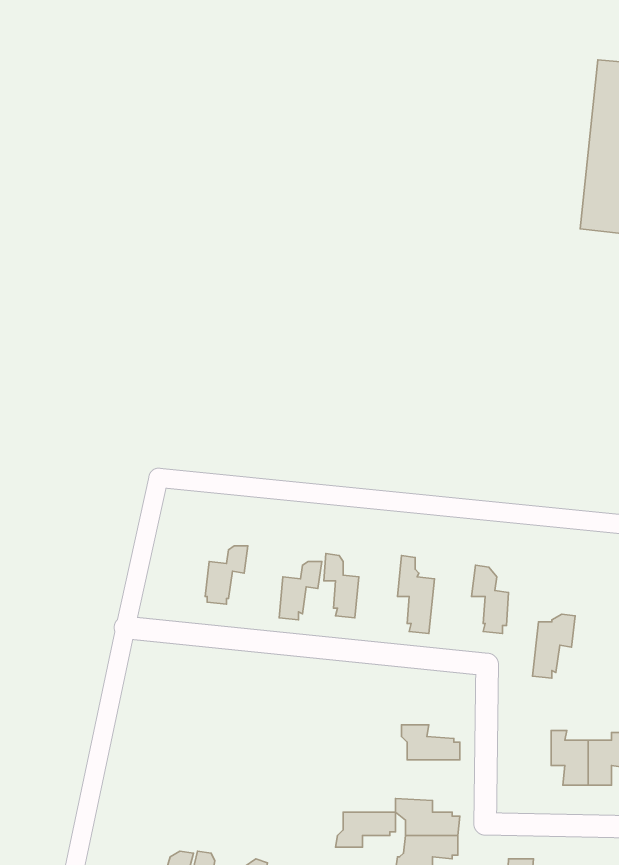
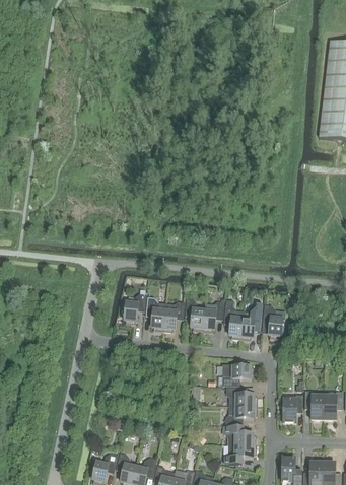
building: none -> [146,297,164,332]
building: none -> [202,302,223,333]
building: [533,614,575,678] -> [240,307,263,341]
building: none -> [222,364,254,386]
building: none -> [283,395,302,423]
building: [335,812,396,847] -> [225,406,257,424]

